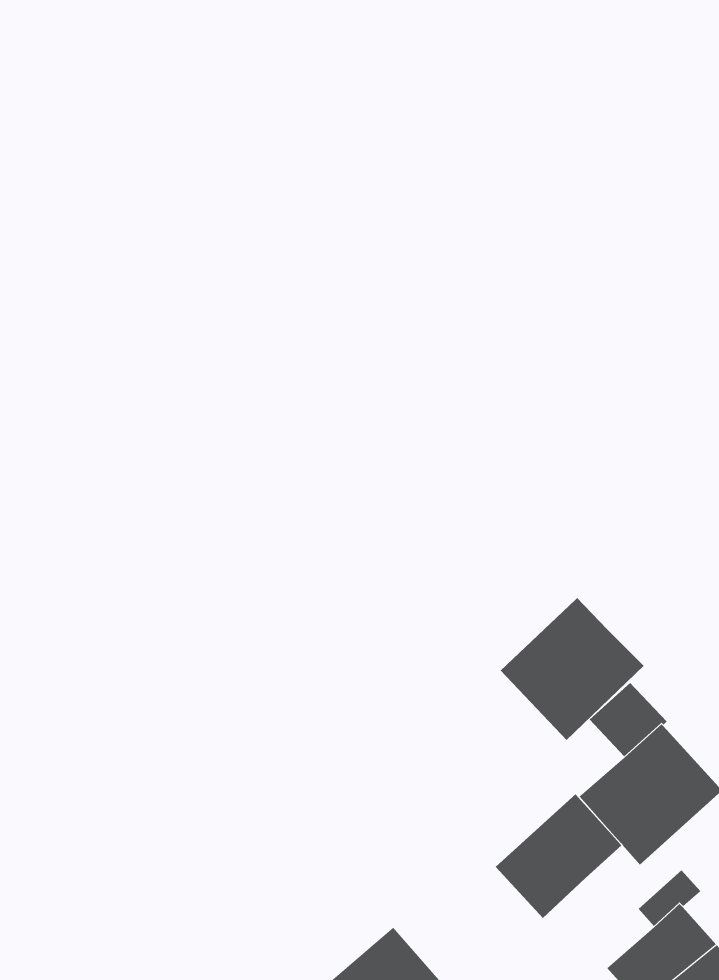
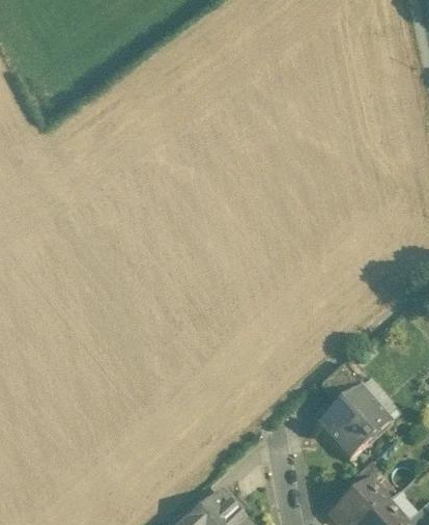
building: [500,597,644,741] -> none
building: [495,794,622,919] -> none

